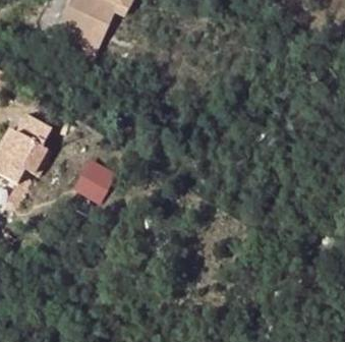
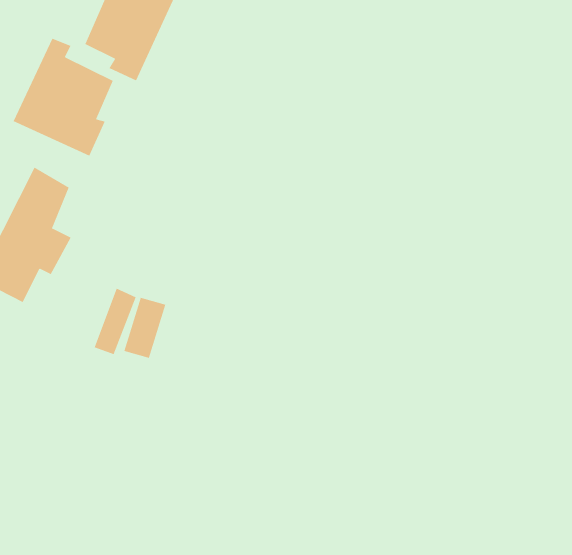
building: none -> [13,38,114,157]

